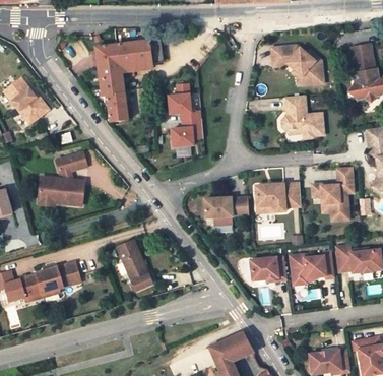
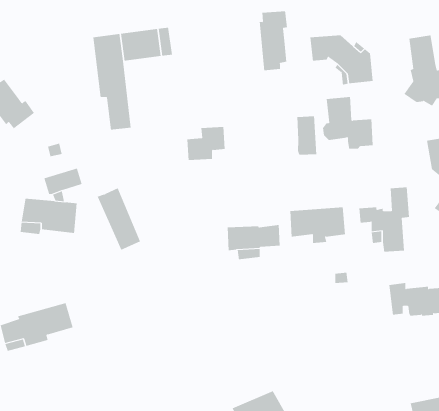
building: none -> [259,10,288,71]
building: [169,84,202,120] -> none
building: none -> [297,116,317,156]
building: [116,239,151,290] -> [97,188,141,250]
building: [290,251,334,280] -> none
building: [250,257,286,281] -> none

